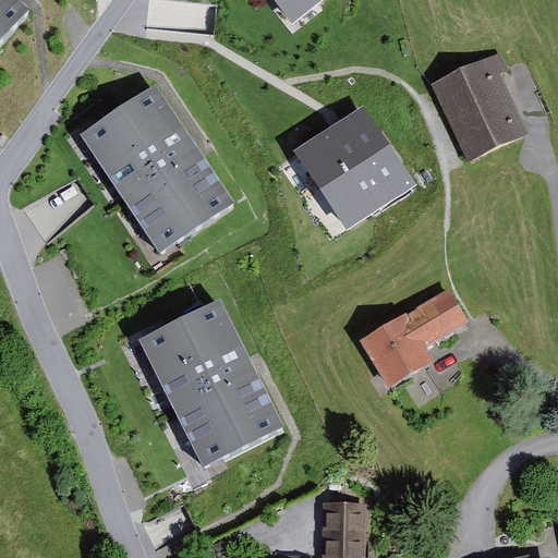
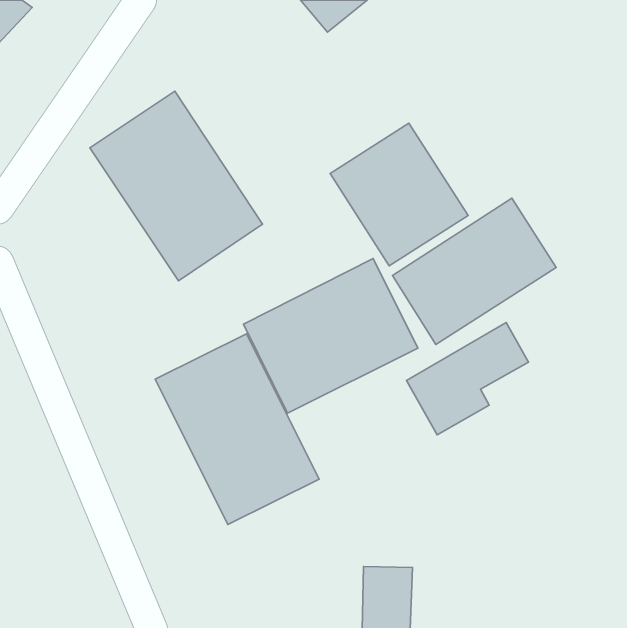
building: [429,52,529,165] -> none
building: none -> [392,198,556,344]
building: none -> [244,258,418,413]

